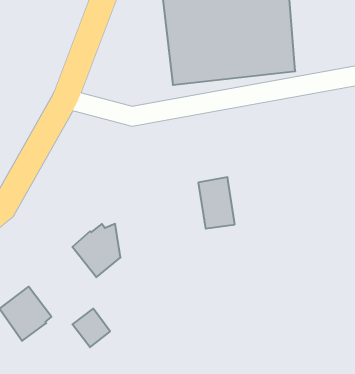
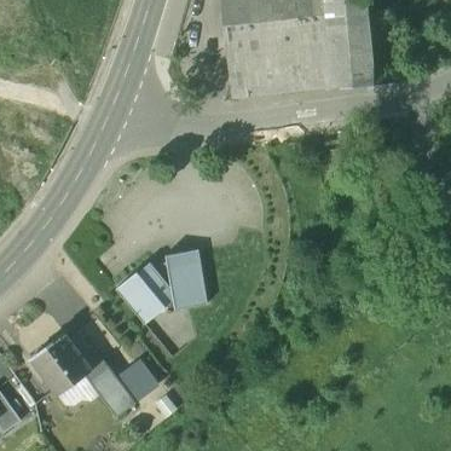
building: [198,177,235,229] -> [164,247,207,306]
building: none -> [85,358,137,417]

